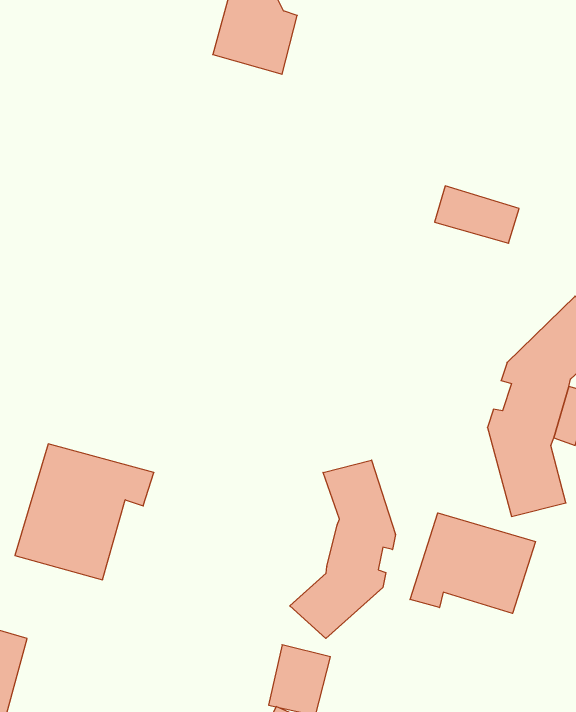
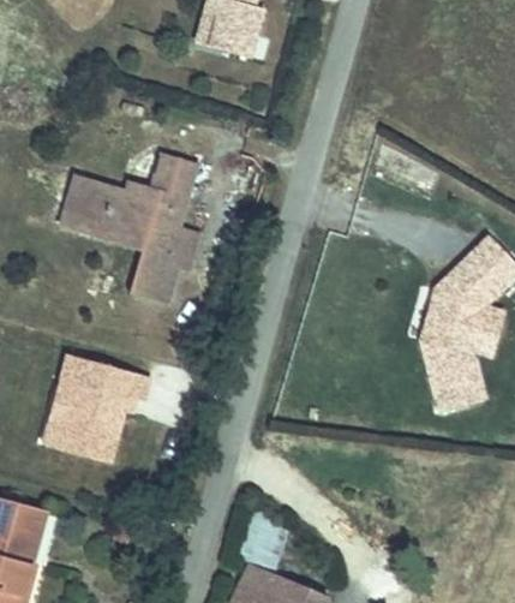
building: none -> [60,153,198,306]
building: [290,460,395,638] -> none
building: [410,513,535,613] -> none

